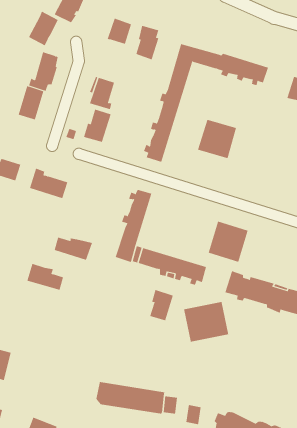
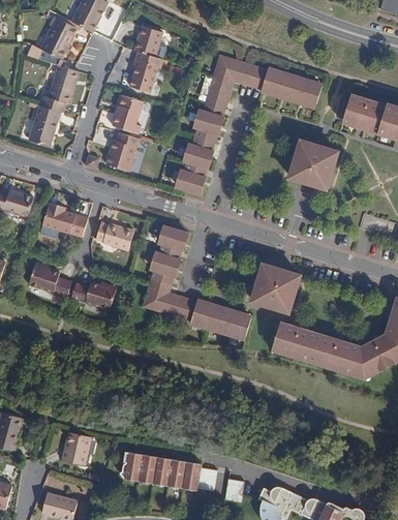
building: [135,25,159,60] -> [130,52,158,93]
building: [197,119,237,159] -> [290,143,337,189]
building: none -> [95,222,134,251]
building: [27,263,64,290] -> [28,265,71,297]
building: [150,289,173,321] -> none
building: [183,301,229,343] -> none
building: none -> [62,432,91,465]

